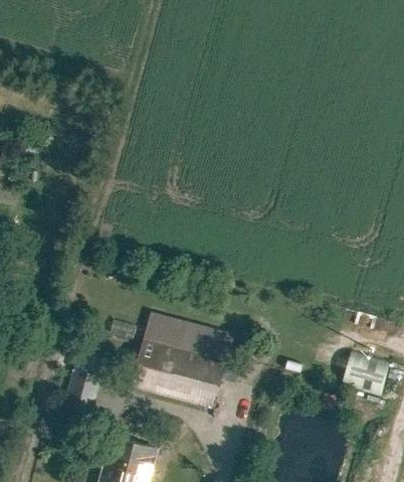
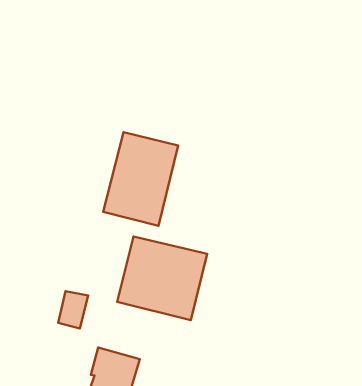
building: none -> [103,132,178,226]
building: [343,352,389,392] -> none

